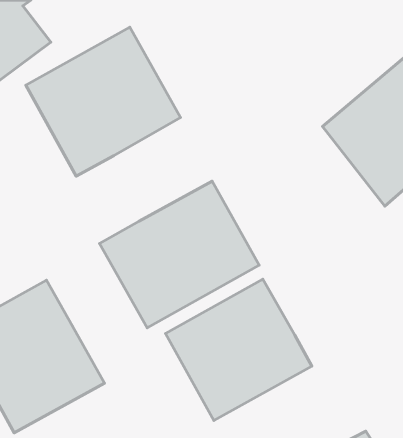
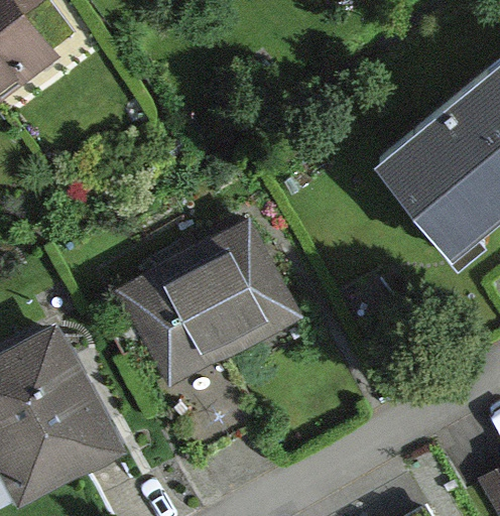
building: [26,27,180,176] -> none
building: [165,279,312,420] -> none

